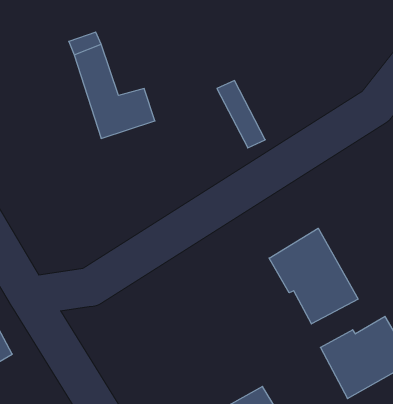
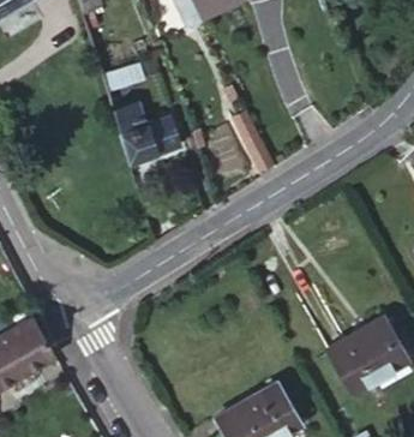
building: [269,228,358,324] -> none

